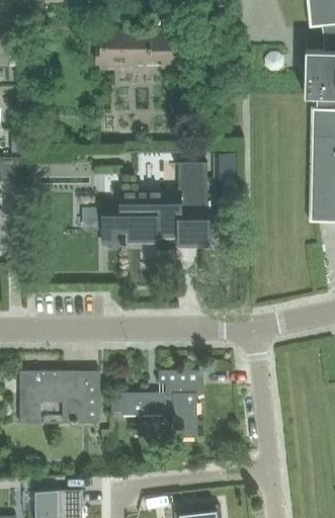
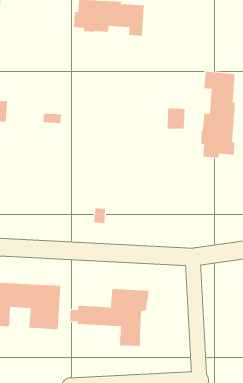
building: none -> [201,71,236,158]
building: [102,163,206,251] -> none

